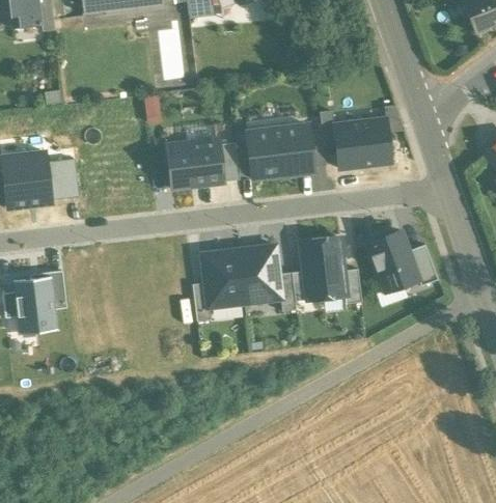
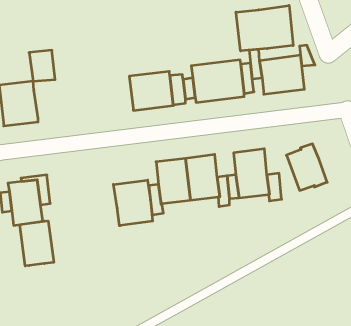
building: none -> [236,5,293,51]
building: [46,159,79,198] -> [29,50,55,81]
building: [409,244,438,285] -> none
building: none -> [113,180,153,226]
building: none -> [20,221,54,266]

